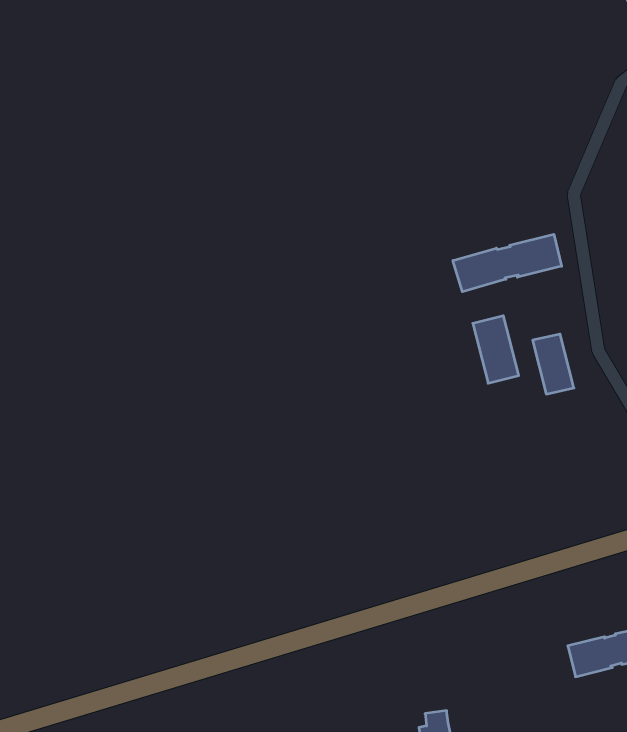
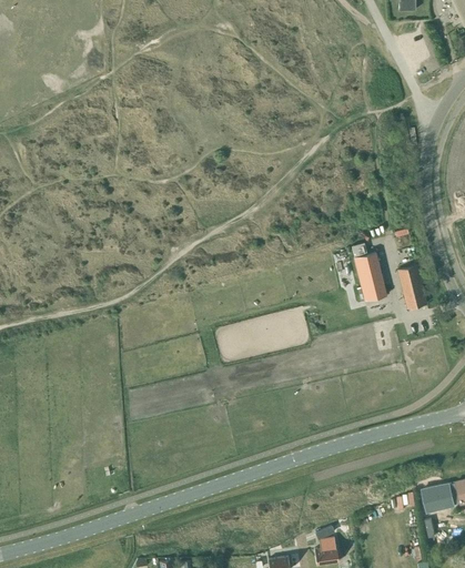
building: [453,234,562,292] -> none

